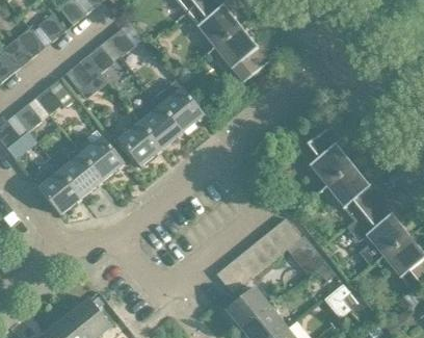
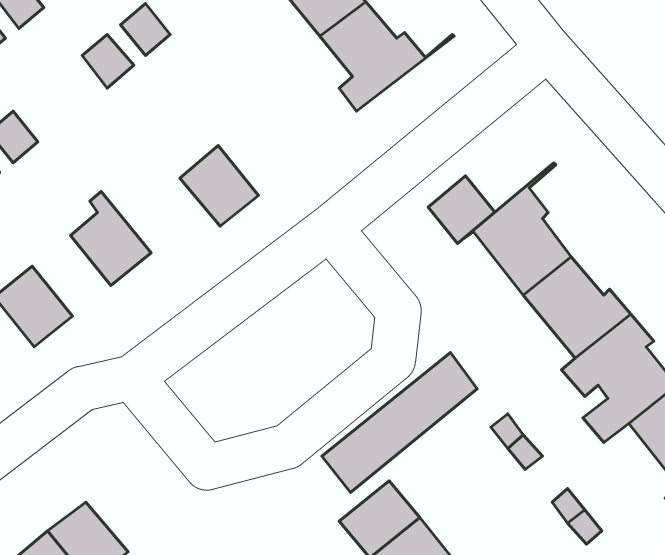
building: [67,56,104,89] -> none
building: [161,88,204,132] -> none
building: none -> [428,176,495,243]
building: [120,123,162,166] -> none
building: [60,149,103,198] -> none

